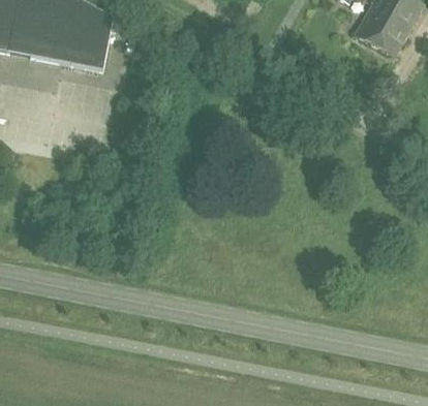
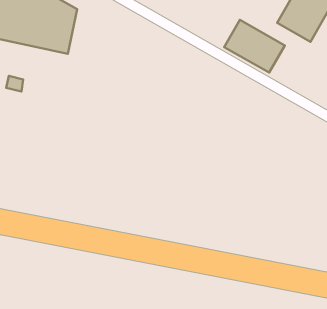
building: none -> [224,20,285,73]

